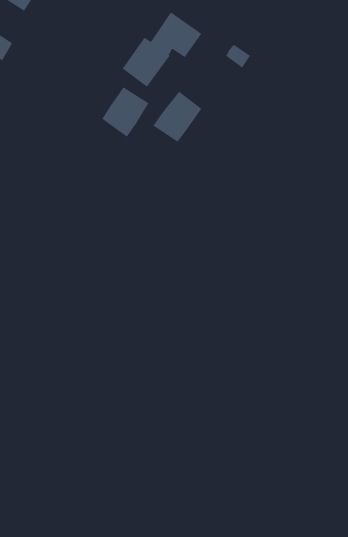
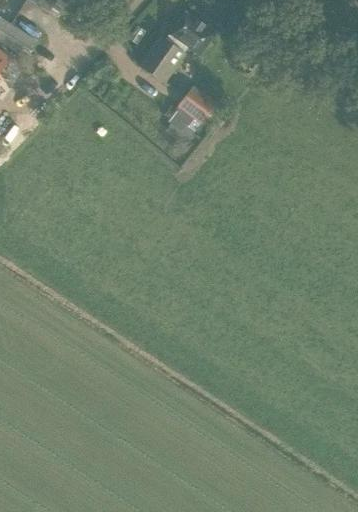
building: [101,87,149,138] -> none

